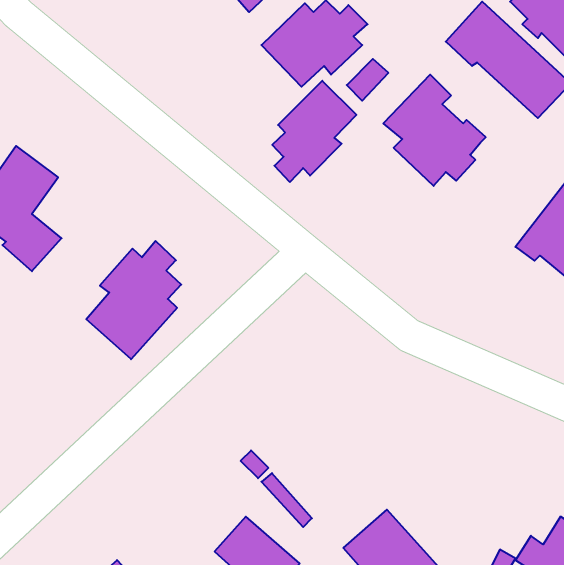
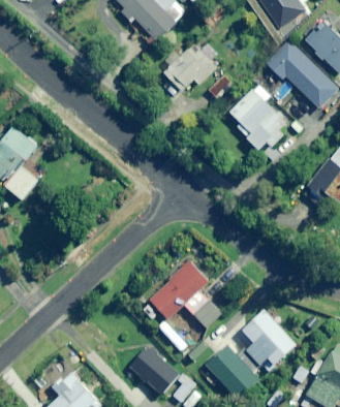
building: [272,81,356,182] -> none
building: [86,241,181,359] -> none
building: none -> [149,259,221,334]
building: none -> [242,310,296,365]

